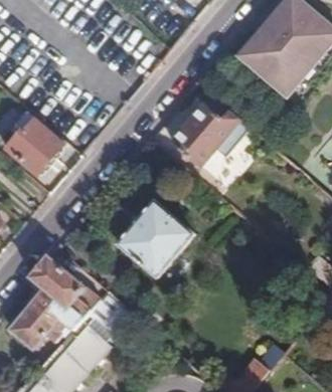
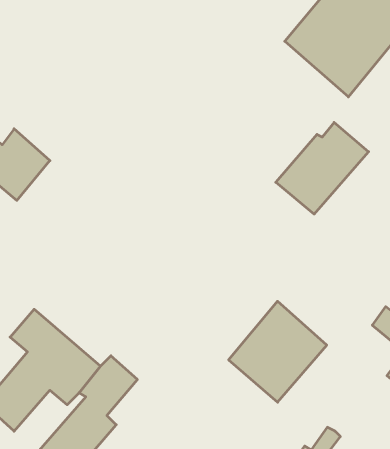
building: [170,97,240,167] -> [276,122,369,214]
building: [118,201,192,277] -> [229,301,327,402]

